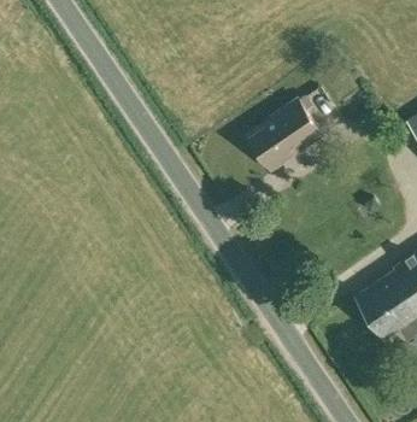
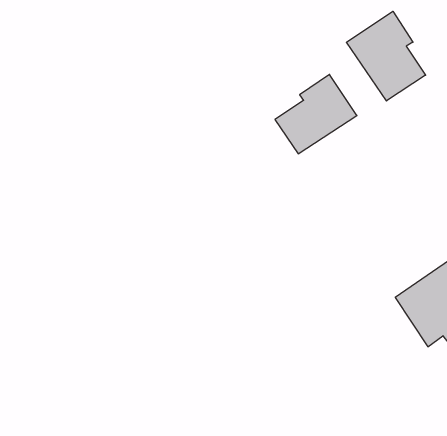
building: none -> [346,11,426,101]

